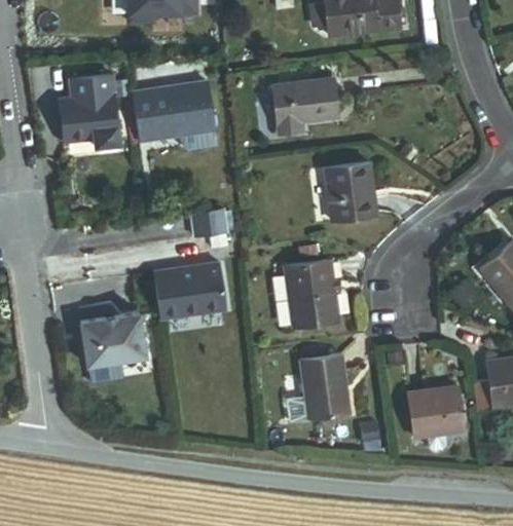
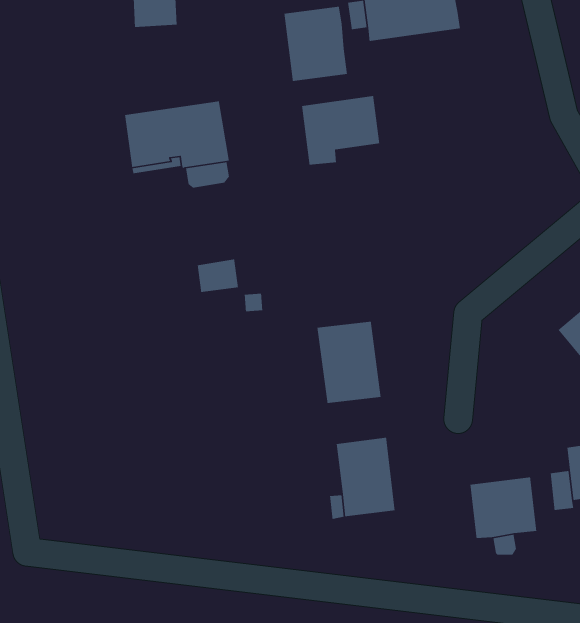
building: none -> [284,6,348,82]
building: [58,74,119,147] -> none
building: [326,161,377,220] -> none
building: [152,264,225,320] -> none
building: [79,314,145,367] -> none

